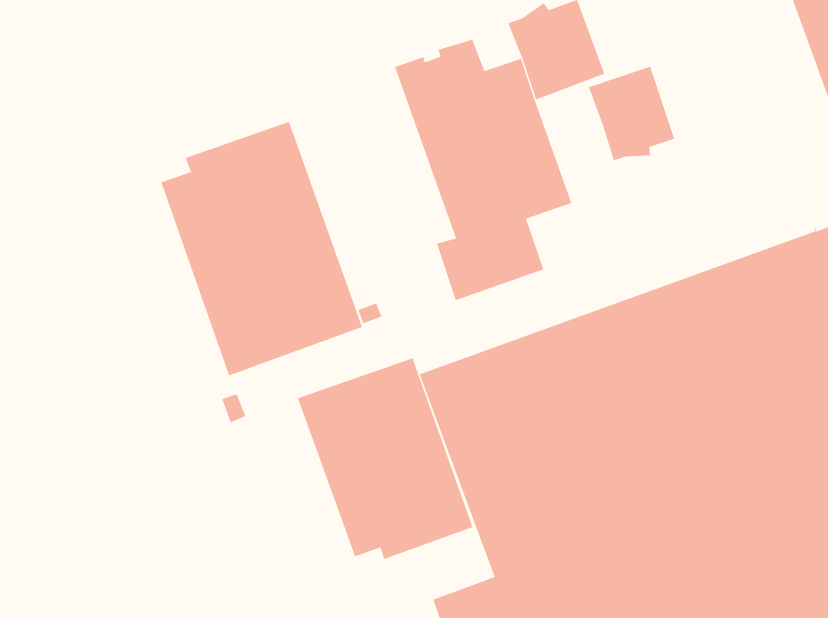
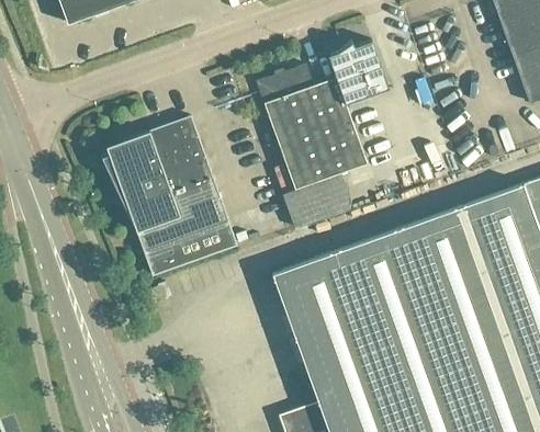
building: [588,66,675,161] -> none
building: [297,357,473,560] -> none

